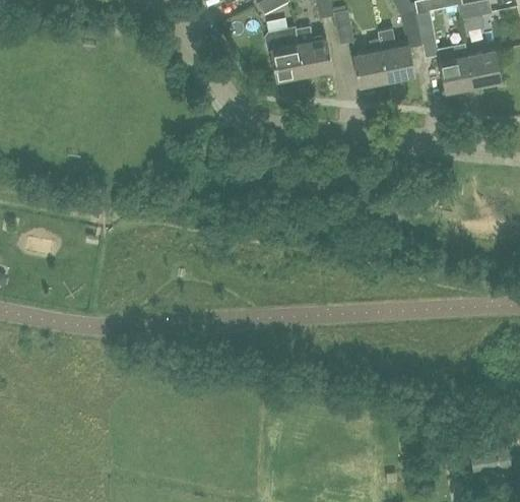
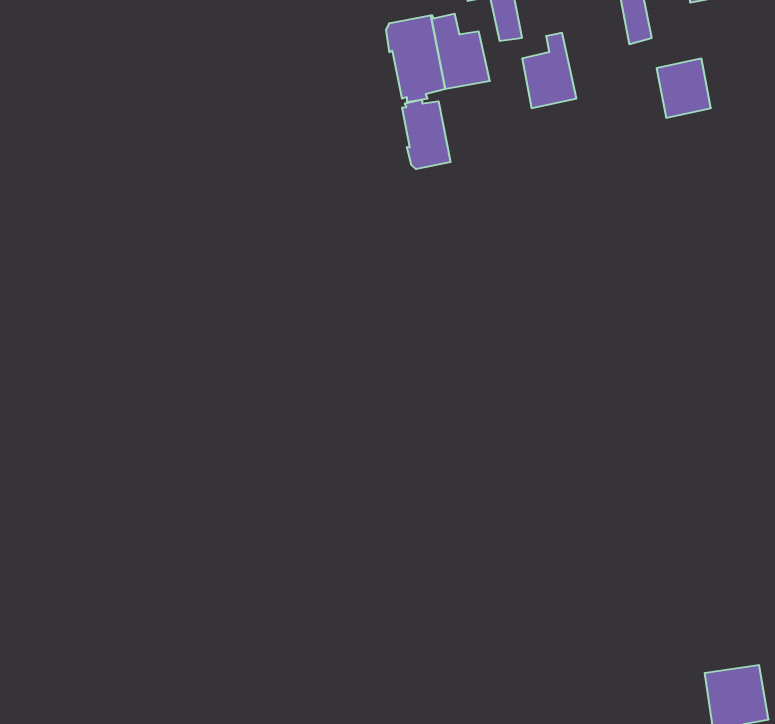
building: [378,29,416,81] -> none
building: [468,51,501,87] -> none
building: none -> [402,99,451,169]

